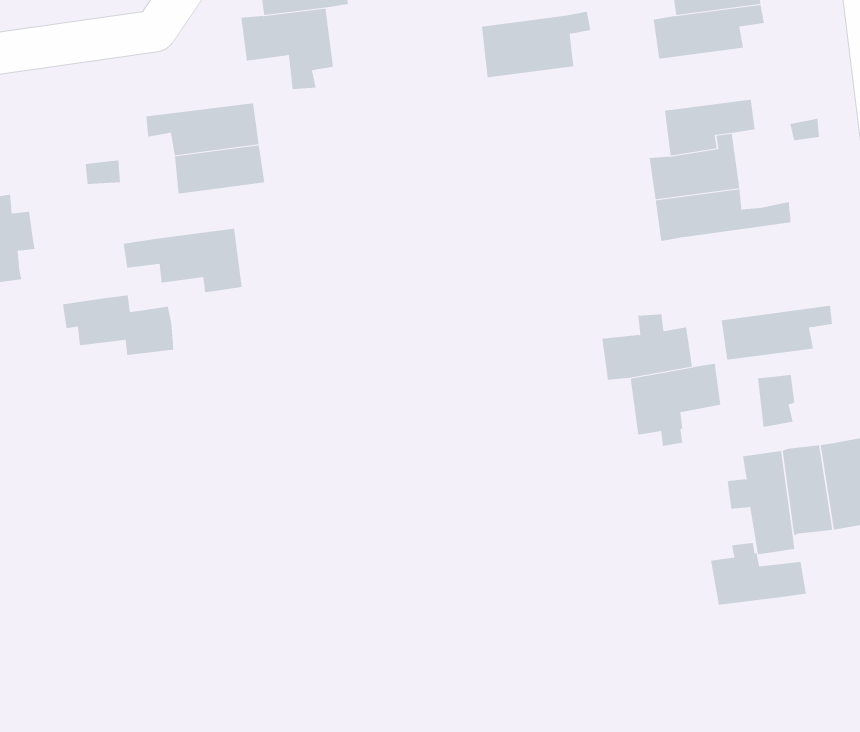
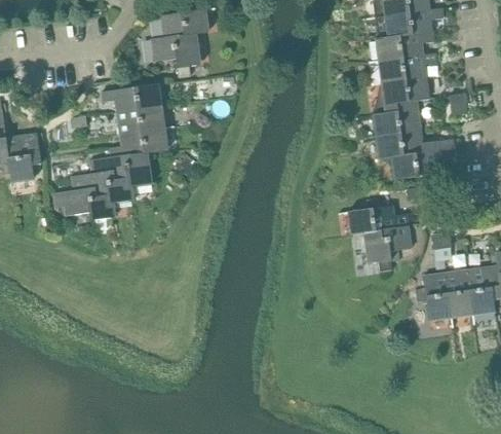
building: [481,11,591,78] -> [377,52,436,88]
building: none -> [107,128,167,157]
building: none -> [73,172,133,204]
building: [721,305,833,360] -> [389,149,450,179]
building: [711,542,806,605] -> none

